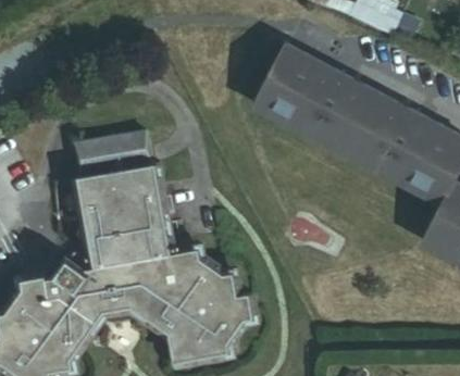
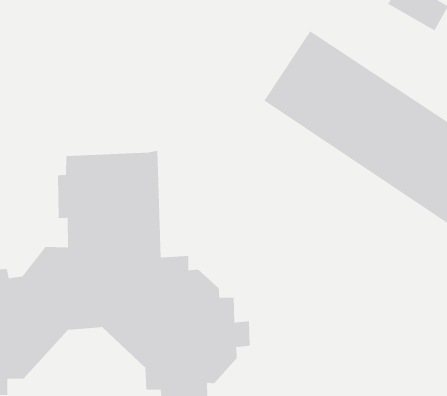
building: [84,126,157,167] -> none

